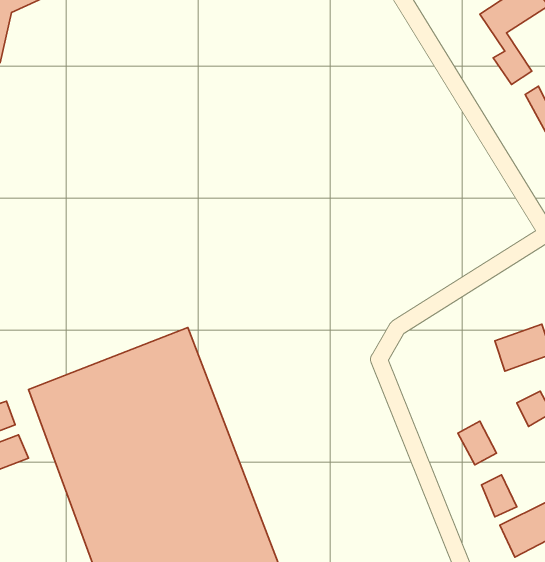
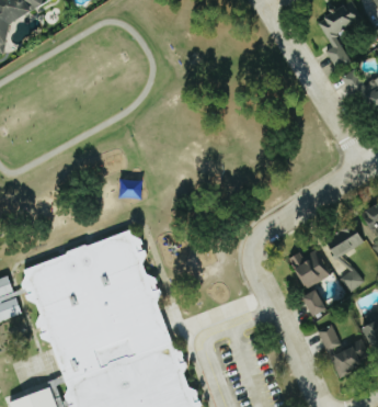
building: none -> [290,248,329,290]

